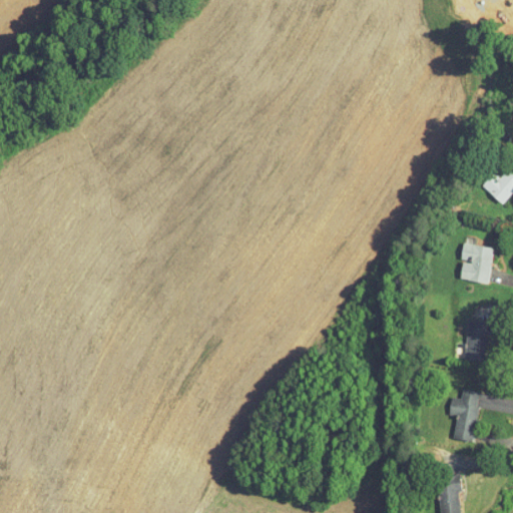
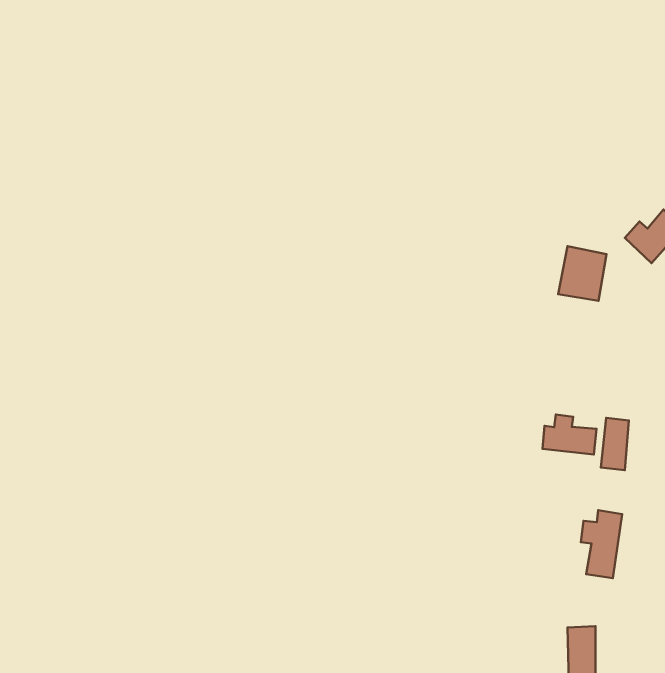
building: [458,242,494,284] -> [558,246,606,301]
building: none -> [542,414,597,454]

